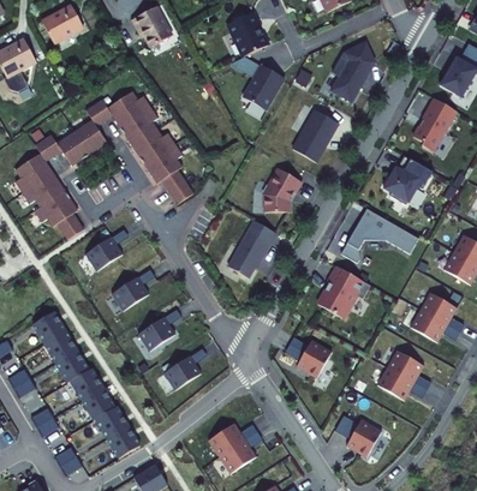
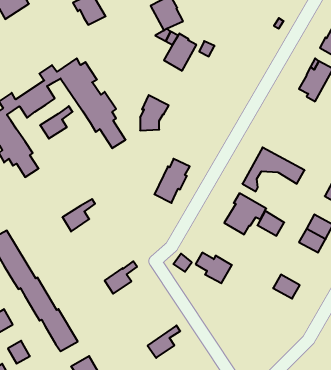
building: [329,43,370,100] -> none
building: [296,110,339,163] -> none
building: [383,151,433,200] -> none
building: [267,167,303,211] -> [140,95,169,130]
building: [90,229,131,270] -> [40,106,73,139]
building: [143,310,185,351] -> none
building: [390,347,424,378] -> [257,211,284,236]
building: [339,414,383,453] -> none
building: [213,421,260,454] -> none

